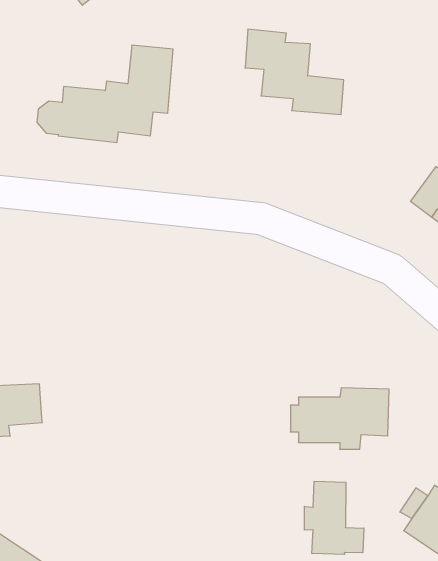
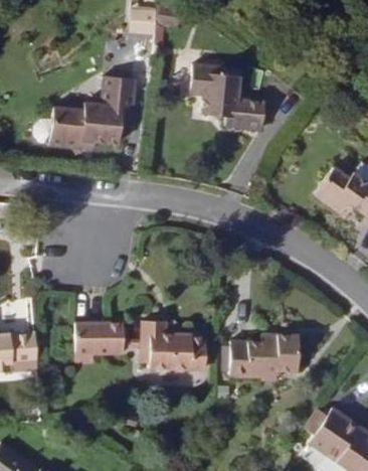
building: none -> [139,321,206,369]
building: none -> [75,323,124,361]
building: [304,481,364,554] -> none

